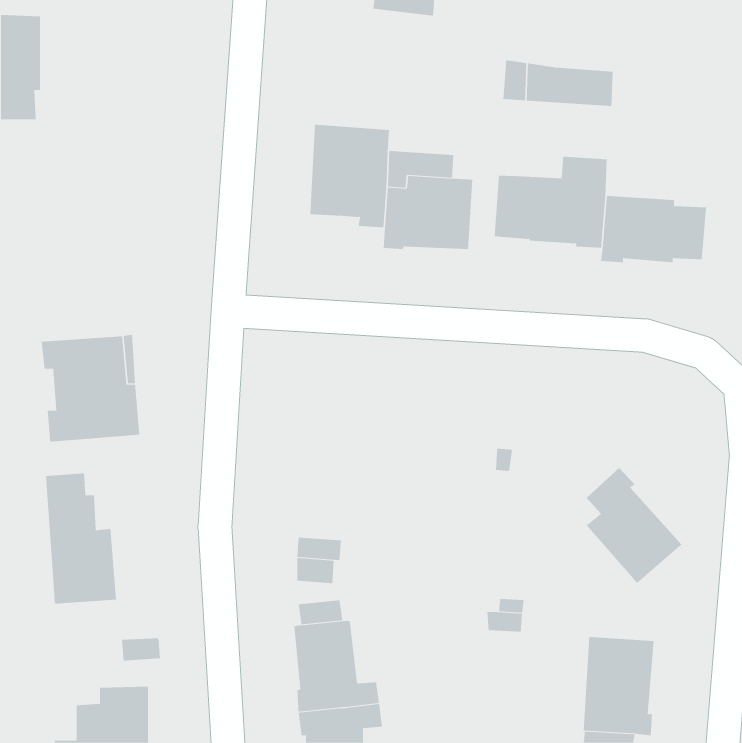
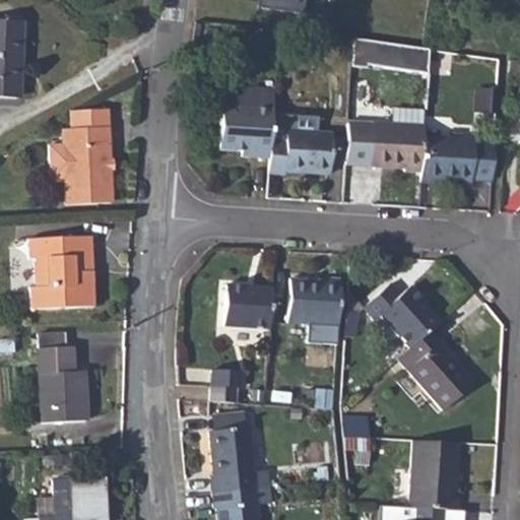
building: none -> [52,105,116,202]
building: none -> [287,278,341,326]
building: none -> [363,282,439,347]
building: none -> [224,285,272,329]

